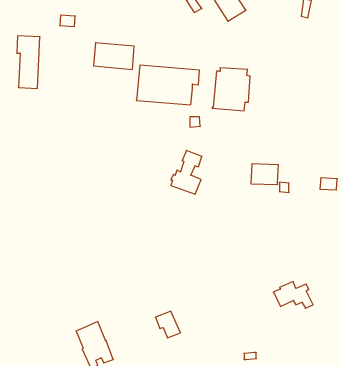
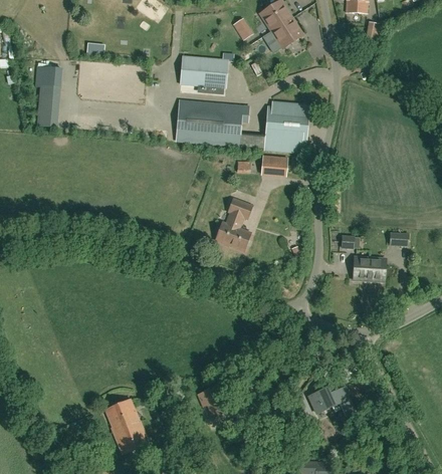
building: [94,43,134,69] -> [180,56,227,87]
building: none -> [261,156,287,176]
building: [251,164,278,185] -> [353,257,385,281]
building: [273,282,313,308] -> [307,384,354,415]

